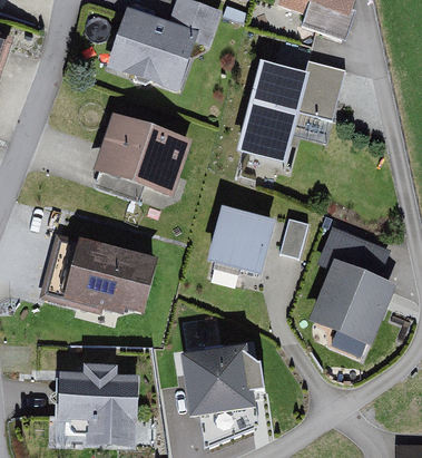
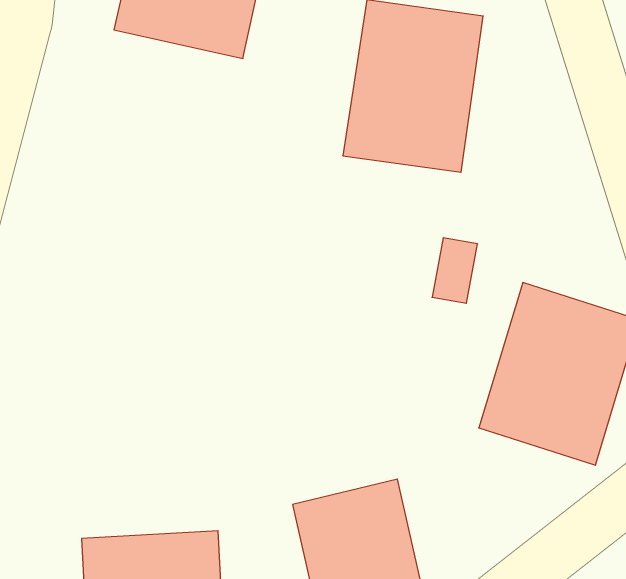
building: [102,124,189,199] -> none
building: [207,199,276,269] -> none
building: [66,237,157,306] -> none

